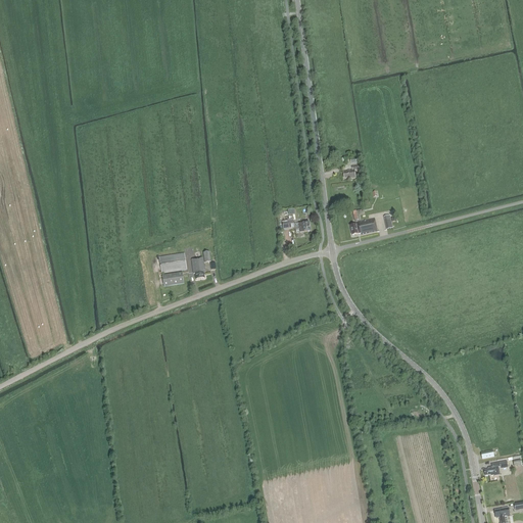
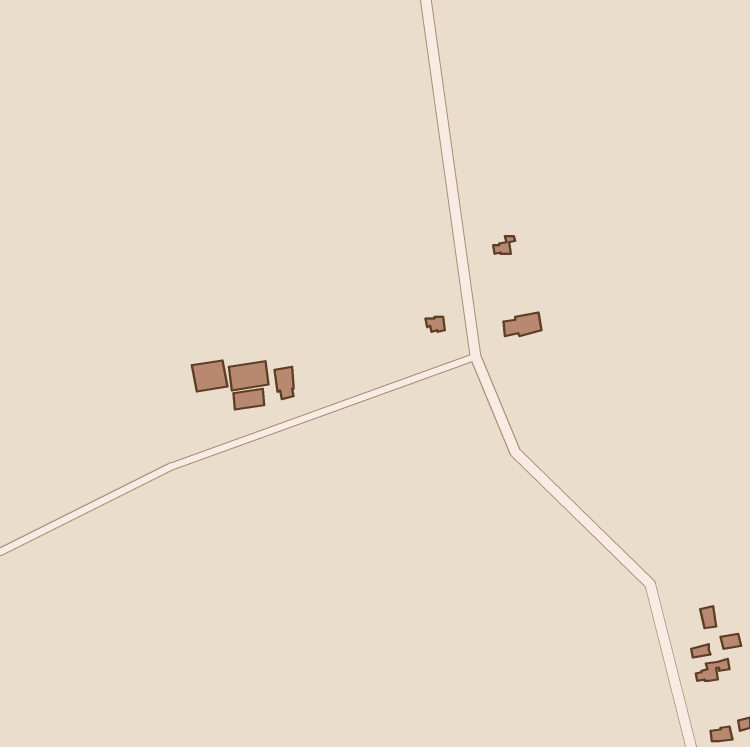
building: none -> [192,360,227,392]

